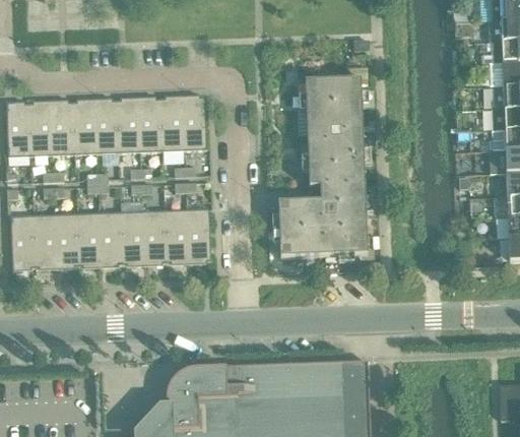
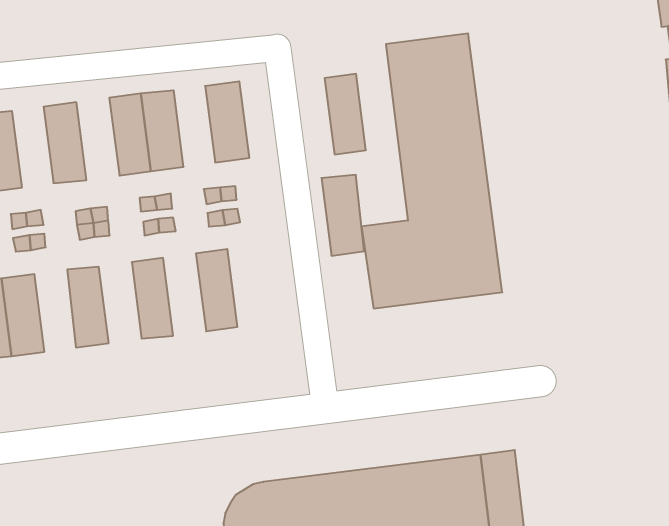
building: [159,99,183,151] -> [325,74,366,154]
building: [93,101,118,154] -> none
building: [50,103,73,155] -> none
building: [186,209,210,262] -> [321,175,364,256]
building: [142,210,167,264] -> none
building: [99,212,123,265] -> none
building: [55,213,78,267] -> none

